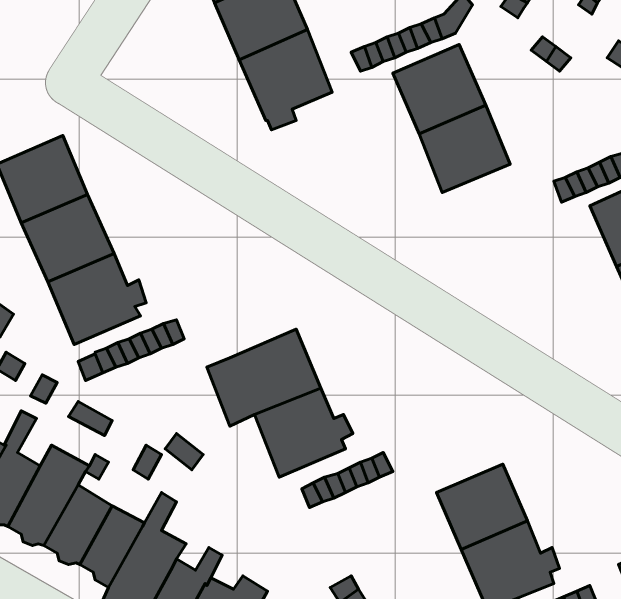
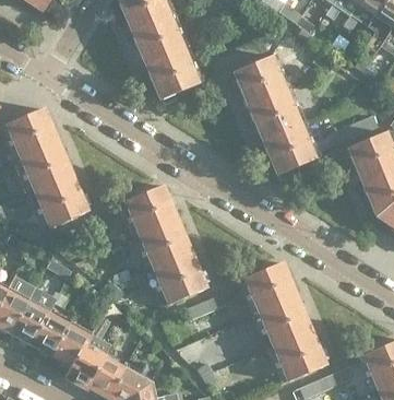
building: none -> [262,123,315,178]
building: none -> [124,184,178,235]
building: none -> [243,261,297,313]

